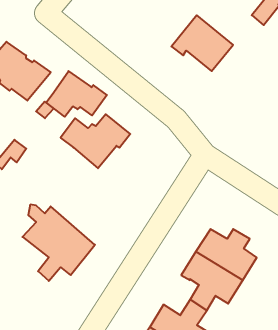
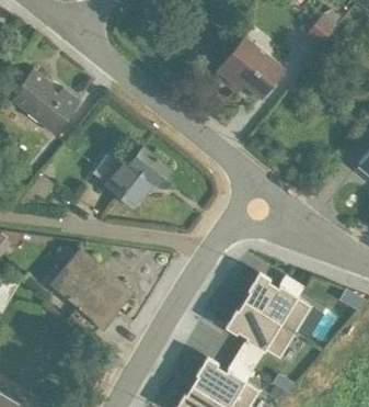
building: [46,71,107,117] -> none

